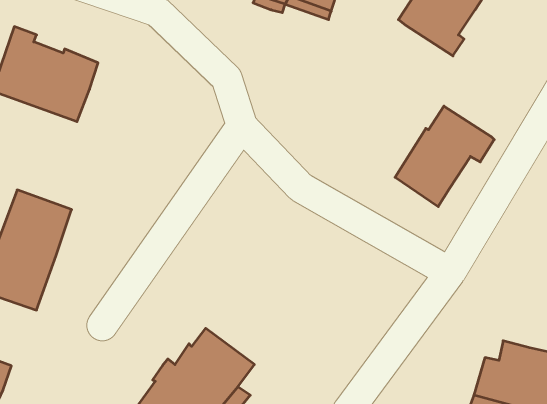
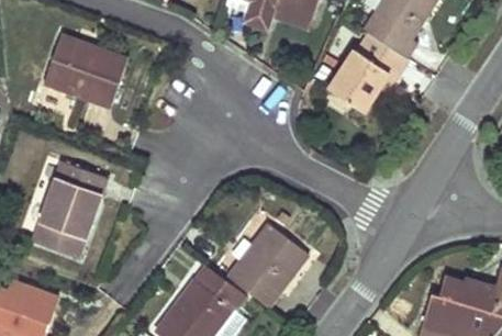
building: [395,106,494,207] -> [331,31,409,110]
building: none -> [230,224,309,307]

